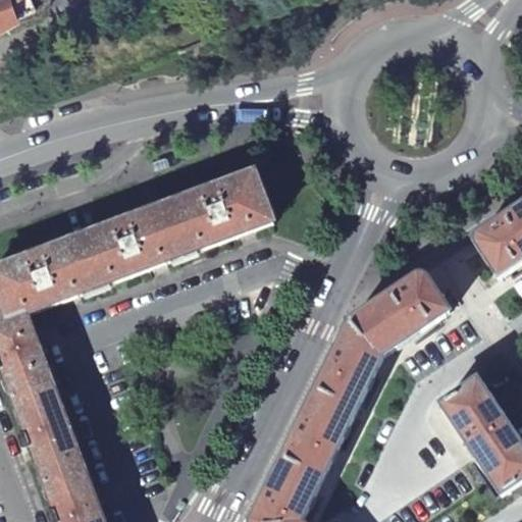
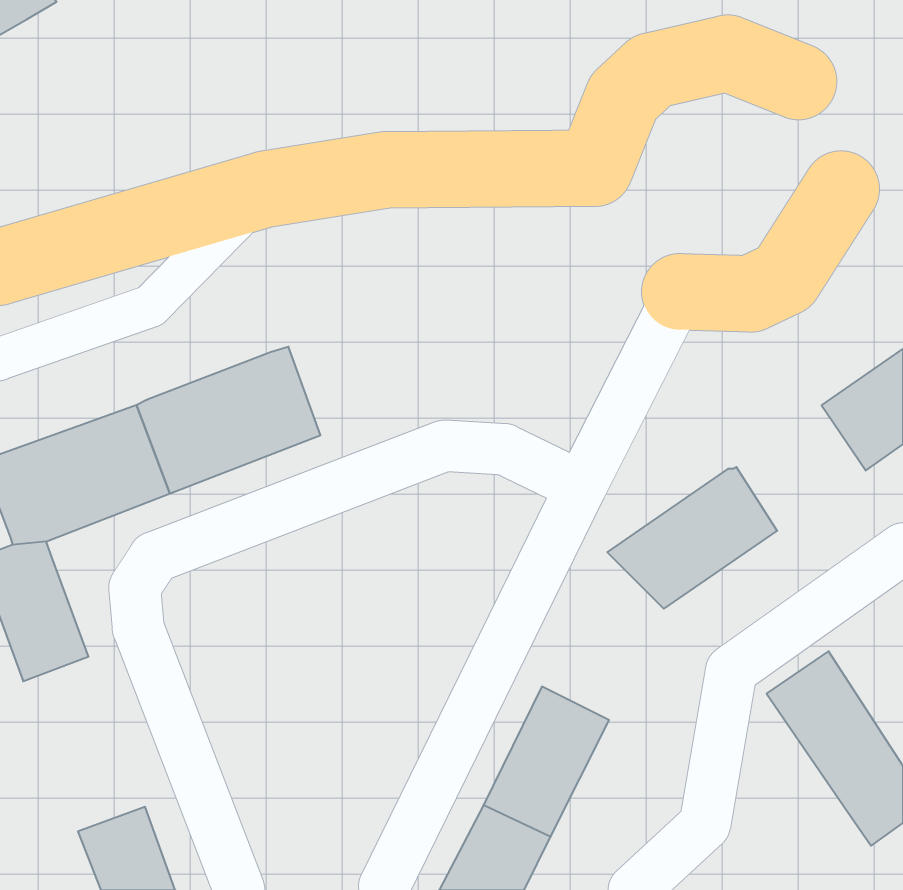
building: [166,166,275,251] -> none
building: [312,318,382,415] -> none
building: [13,378,84,479] -> none

